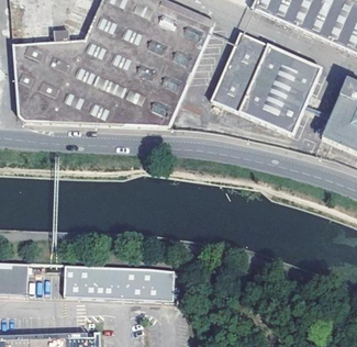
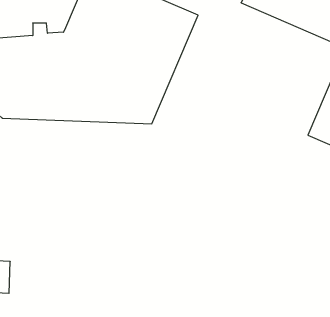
building: [210,32,321,135] -> none
building: [63,262,174,295] -> none

